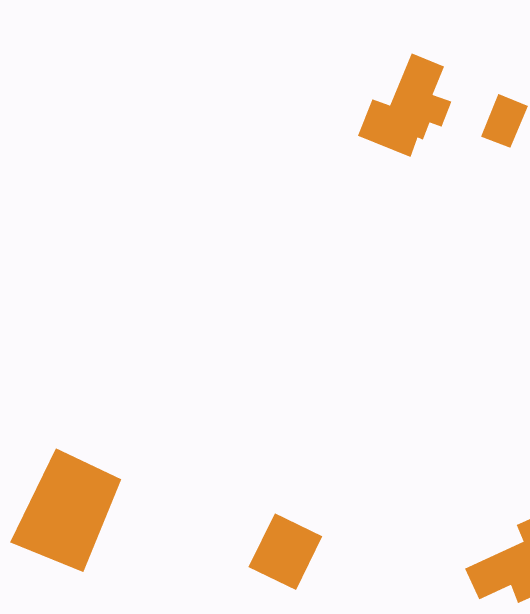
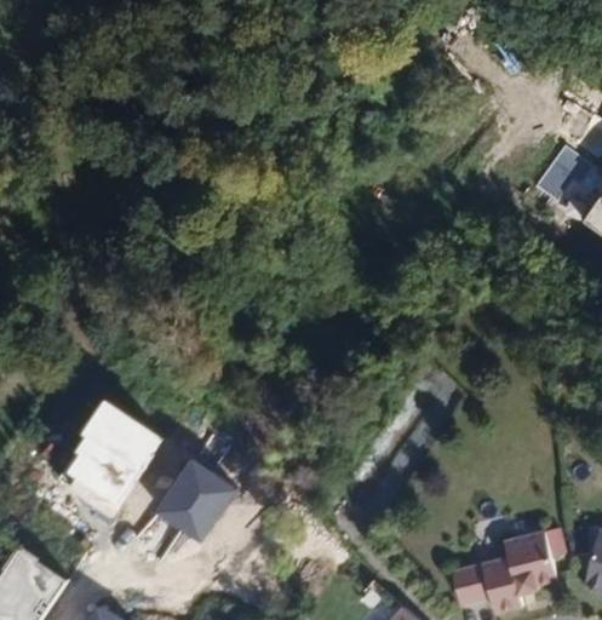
building: [357,52,452,158] -> none
building: [248,512,323,591] -> [166,467,237,540]

